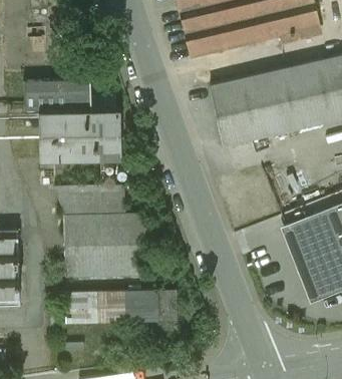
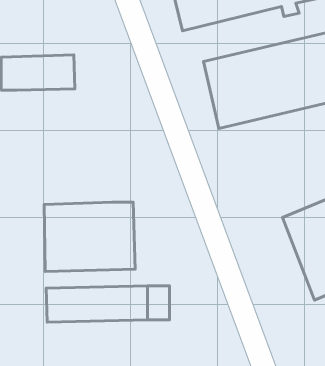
building: [38,110,121,161] -> none
building: [55,185,125,217] -> none

